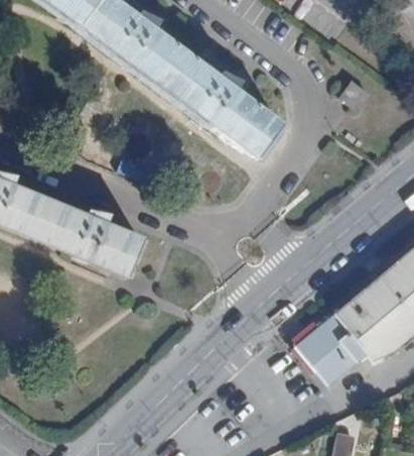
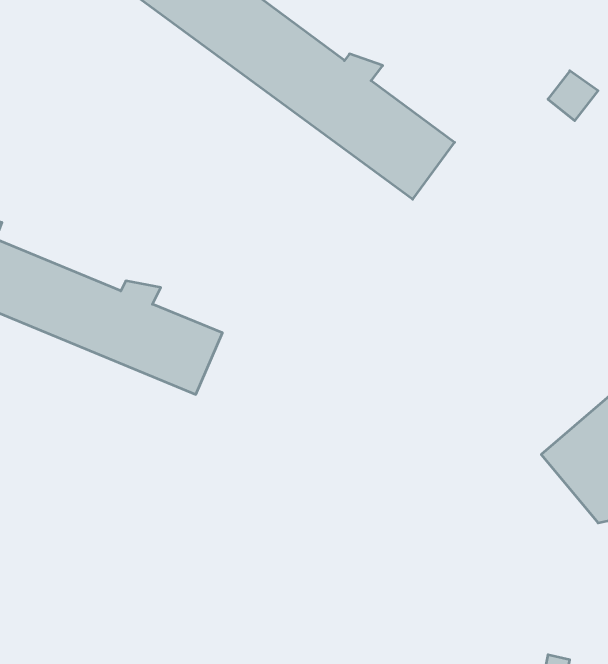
building: [296,313,370,386] -> none

